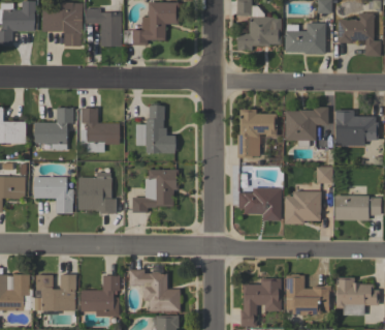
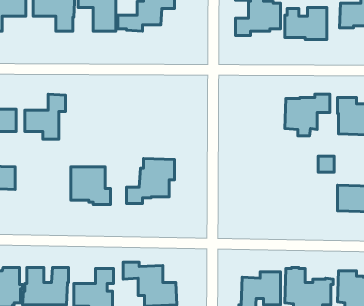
building: [135,102,178,154] -> none
building: [82,108,120,151] -> none
building: [237,110,277,157] -> none
building: [33,176,73,213] -> none
building: [238,188,281,220] -> none
building: [285,191,321,223] -> none

